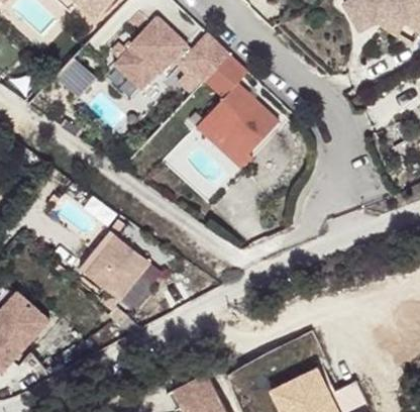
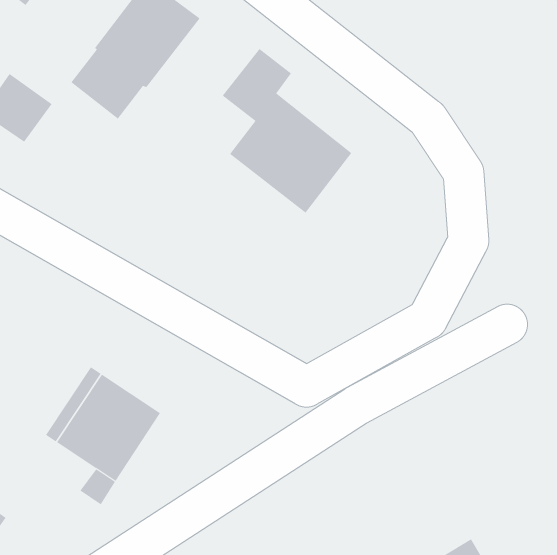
building: [180,33,227,81] -> none

